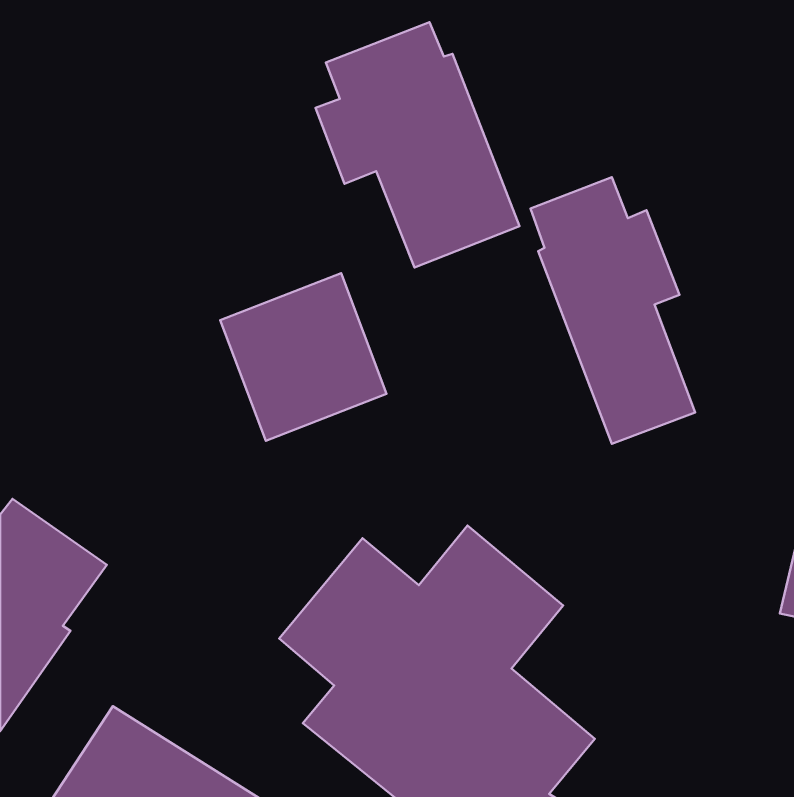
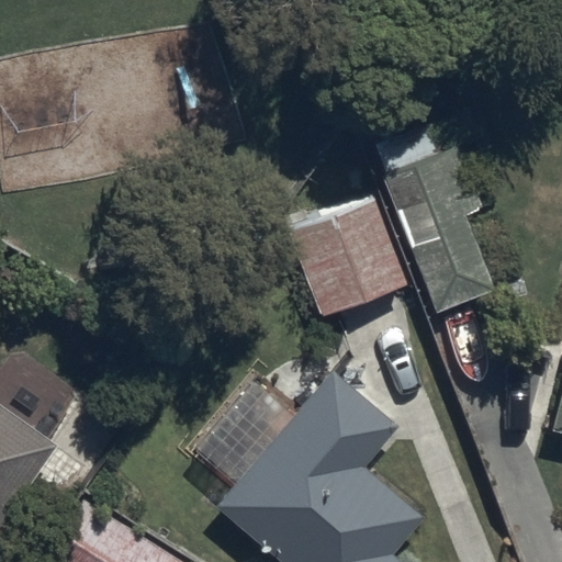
building: [316,22,520,267] -> none
building: [220,273,387,441] -> [289,199,405,316]

